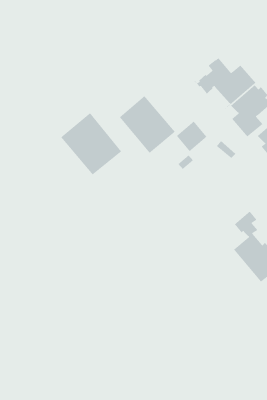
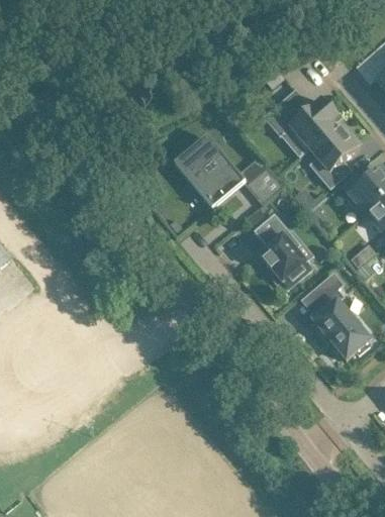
building: [60,112,122,175] -> none
building: none -> [253,210,310,286]

